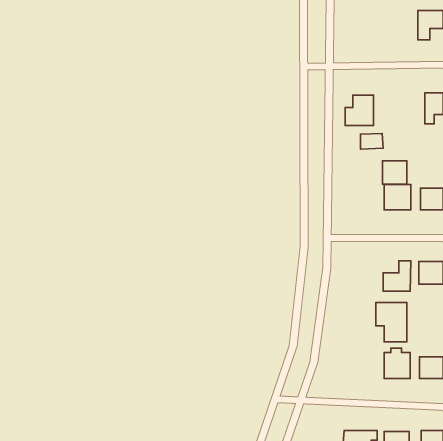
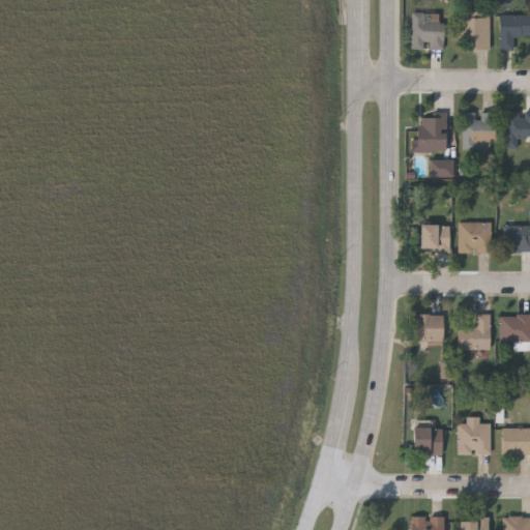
building: none -> [459,11,490,50]
building: none -> [411,12,444,50]
building: none -> [464,113,495,149]
building: [382,161,407,184] -> [420,225,449,253]
building: none -> [413,315,442,342]
building: [376,302,407,342] -> none
building: none -> [413,428,442,453]

